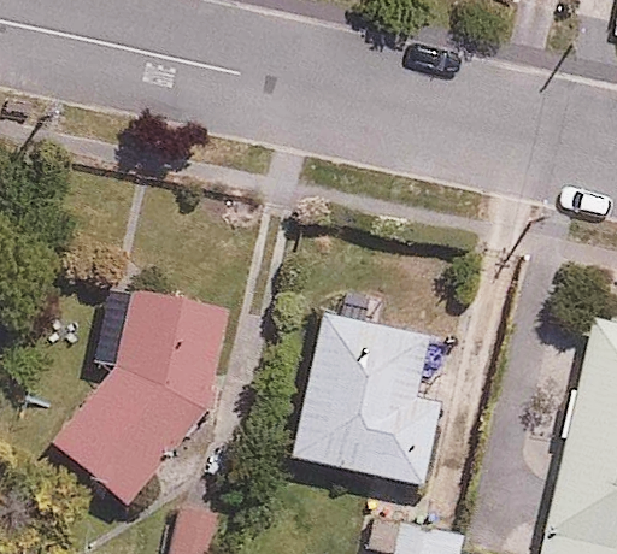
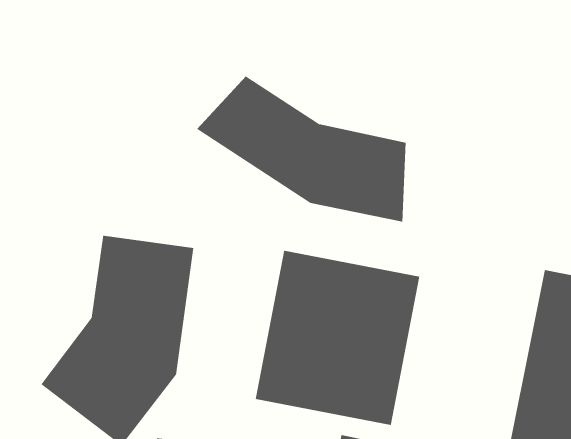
building: none -> [196,76,406,223]

